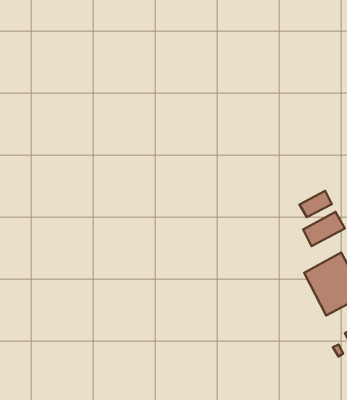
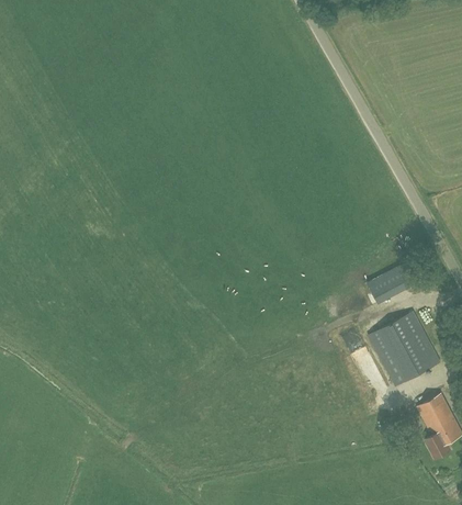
building: [300,191,332,217] -> none

